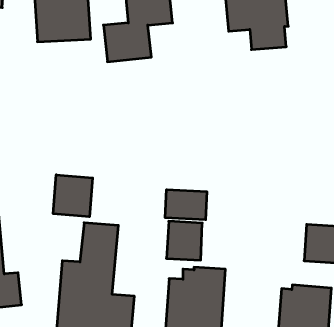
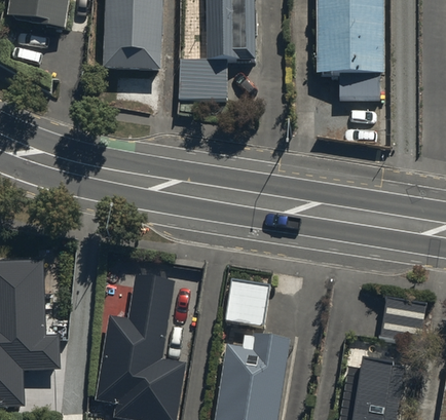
building: [53,175,93,217] -> none
building: [165,190,207,220] -> none

